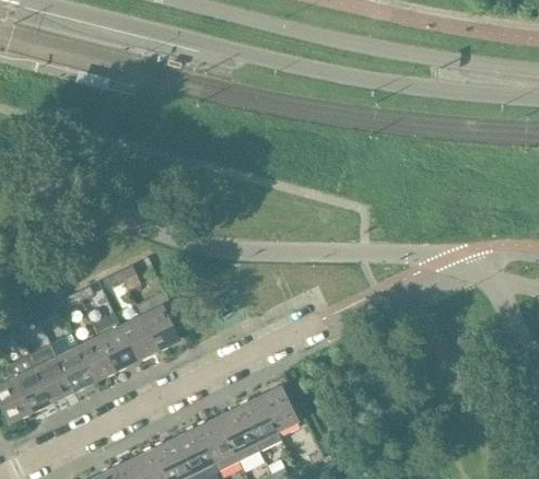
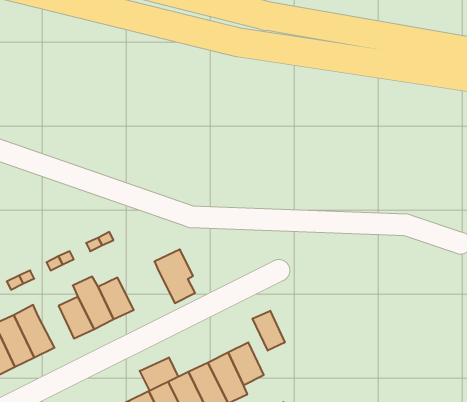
building: [136,293,179,351] -> [154,249,195,303]
building: [55,347,93,392] -> none
building: none -> [253,311,285,351]
building: none -> [140,357,178,391]

